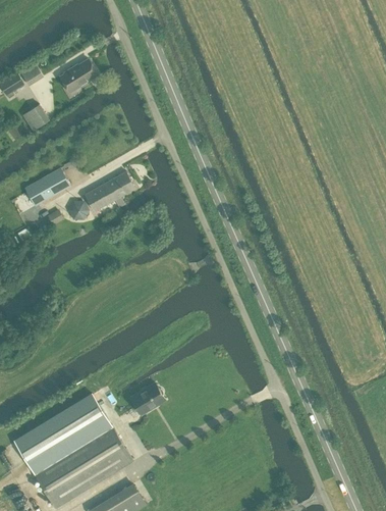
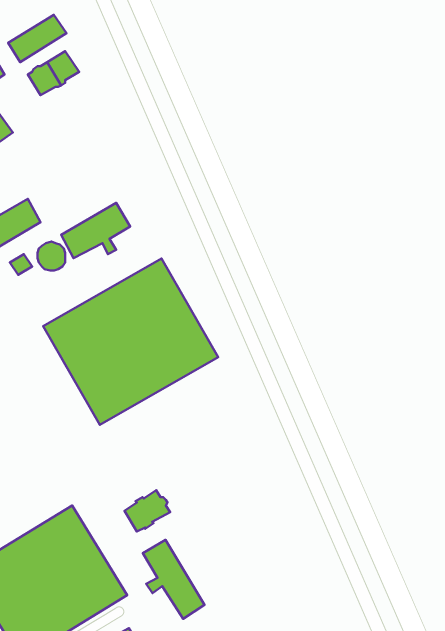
building: none -> [8,15,66,62]
building: none -> [43,259,218,425]
building: none -> [143,540,205,619]

